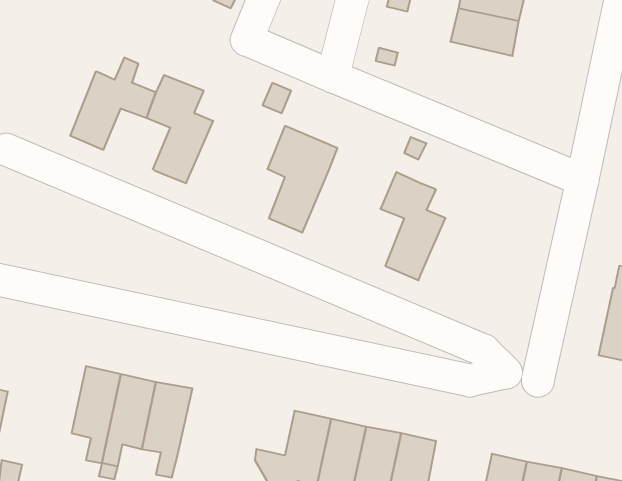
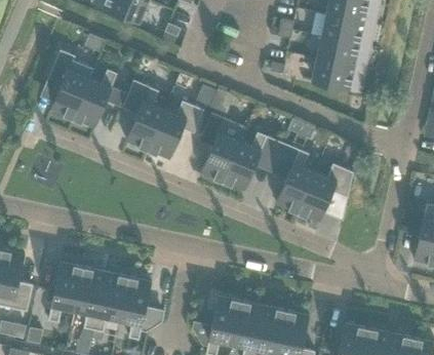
building: none -> [47,49,88,119]
building: none -> [312,58,357,90]
building: none -> [147,101,203,159]
building: none -> [222,132,282,191]
building: none -> [297,163,352,222]
building: none -> [47,263,82,323]

